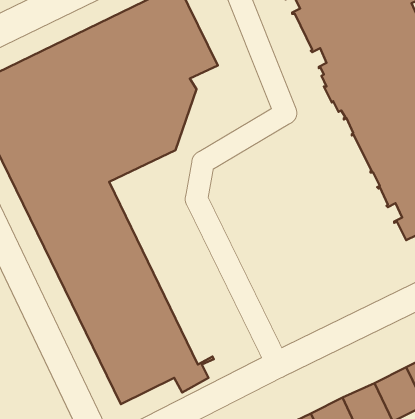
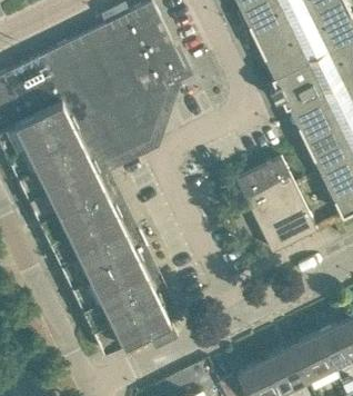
building: none -> [236,157,317,251]

